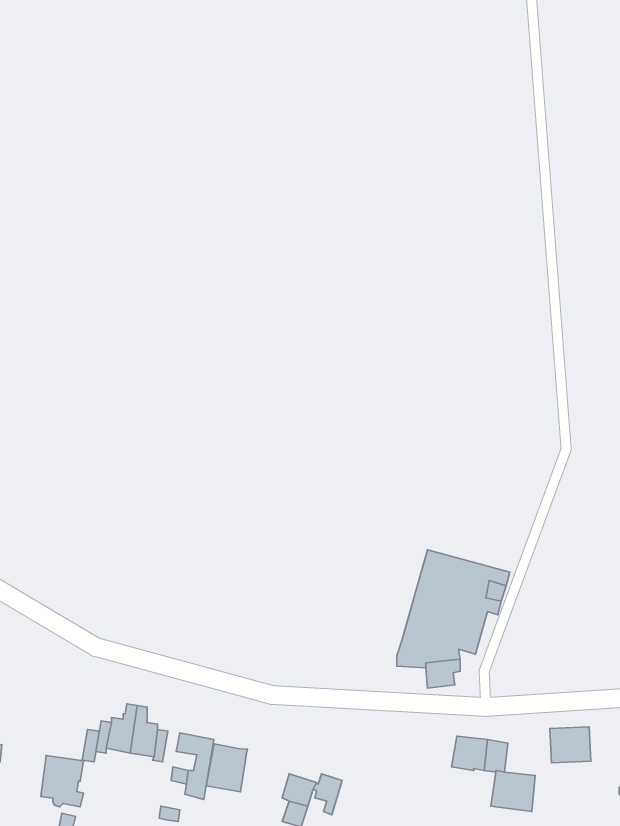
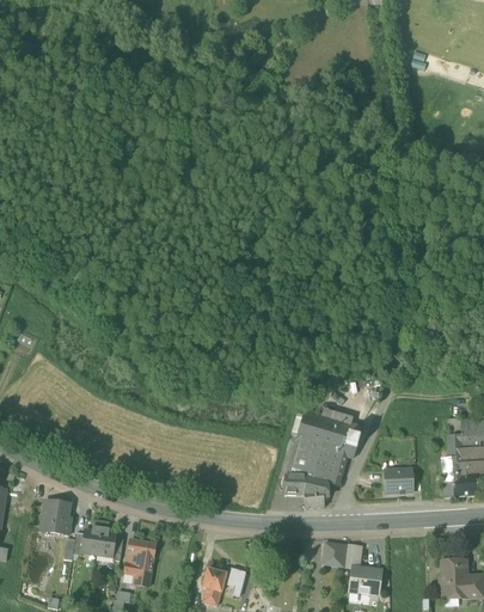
building: [550,727,591,763] -> [384,467,412,492]
building: [206,744,247,792] -> none
building: [41,756,84,807] -> [41,498,71,534]

